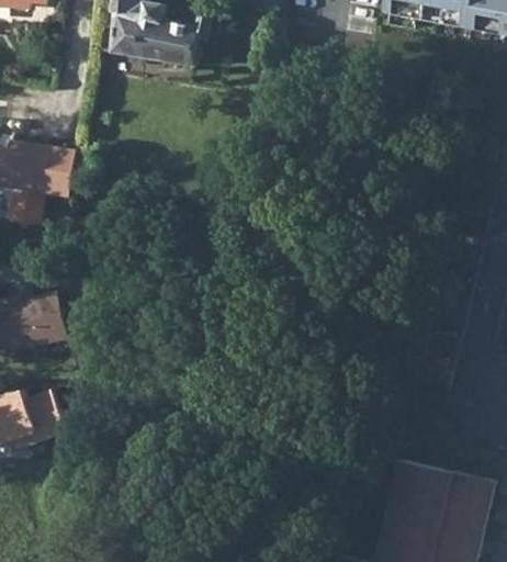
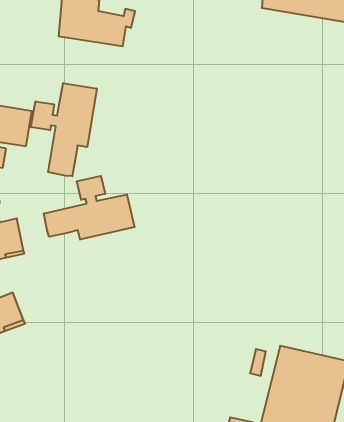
building: none -> [31,83,97,176]
building: none -> [44,176,135,240]

